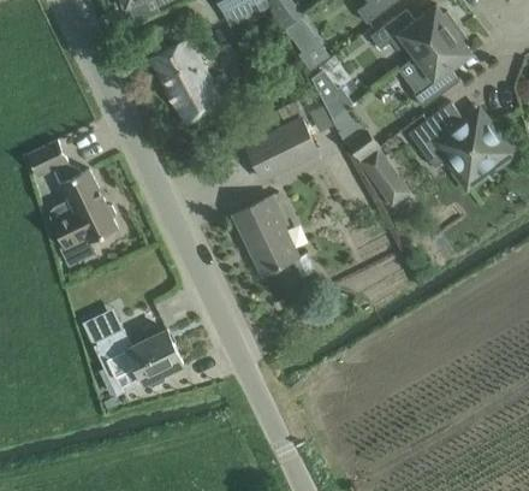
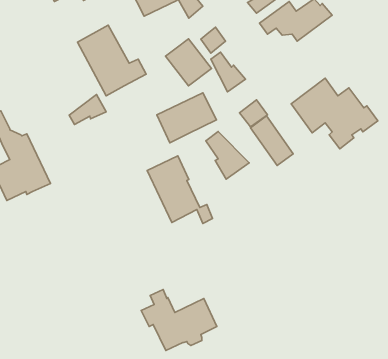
building: [412,25,470,107] -> none
building: none -> [166,39,211,86]
building: none -> [69,94,106,124]
building: none -> [206,131,249,179]
building: [90,319,182,392] -> [141,290,217,350]

